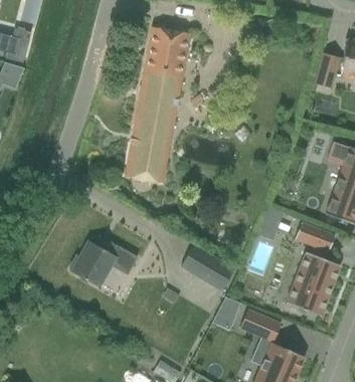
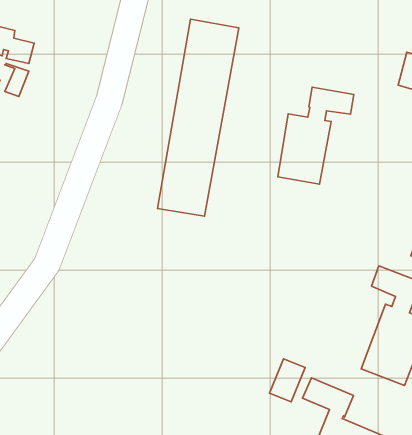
building: none -> [278,87,354,184]
building: [70,241,138,288] -> none
building: [181,246,234,290] -> none

